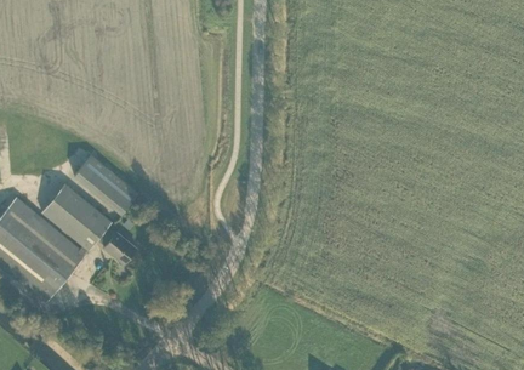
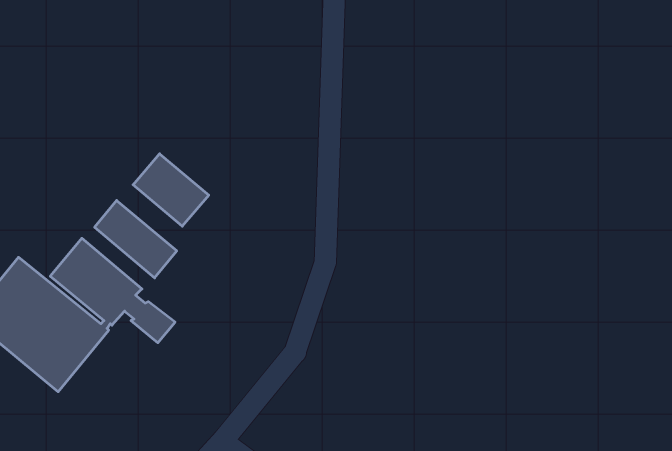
building: none -> [133,154,209,226]

